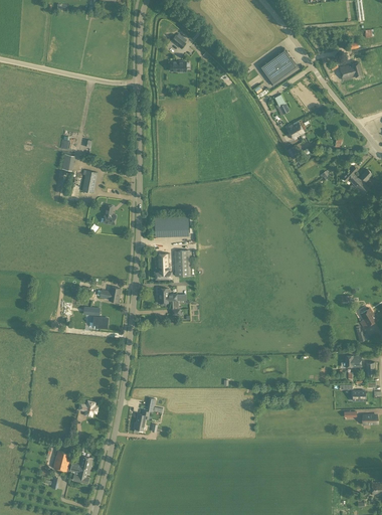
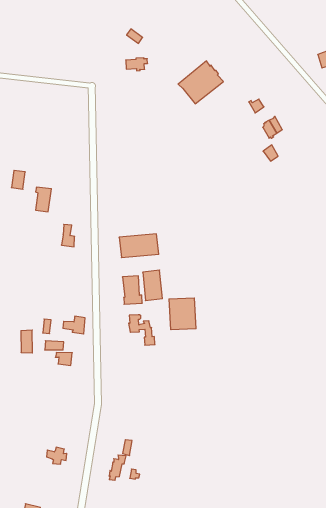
building: [257,47,298,84] -> [178,61,223,104]
building: none -> [169,298,196,330]

